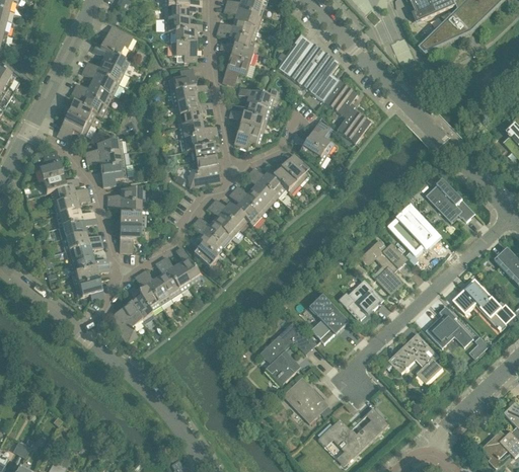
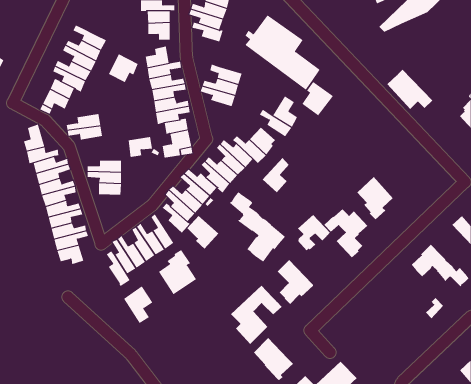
building: [100,25,133,57] -> [108,53,138,83]
building: [222,58,249,85] -> none
building: [234,126,263,147] -> none
building: [100,164,127,186] -> [128,136,153,157]
building: [426,179,475,223] -> [386,69,433,110]
building: none -> [262,157,289,193]
building: none -> [229,191,286,262]
building: [120,226,144,244] -> none
building: none -> [186,215,219,250]
building: [348,280,384,319] -> [297,214,331,251]
building: none -> [158,249,197,295]
building: [109,303,142,343] -> [123,286,154,324]
building: [426,306,472,346] -> none
building: [388,333,441,382] -> none

